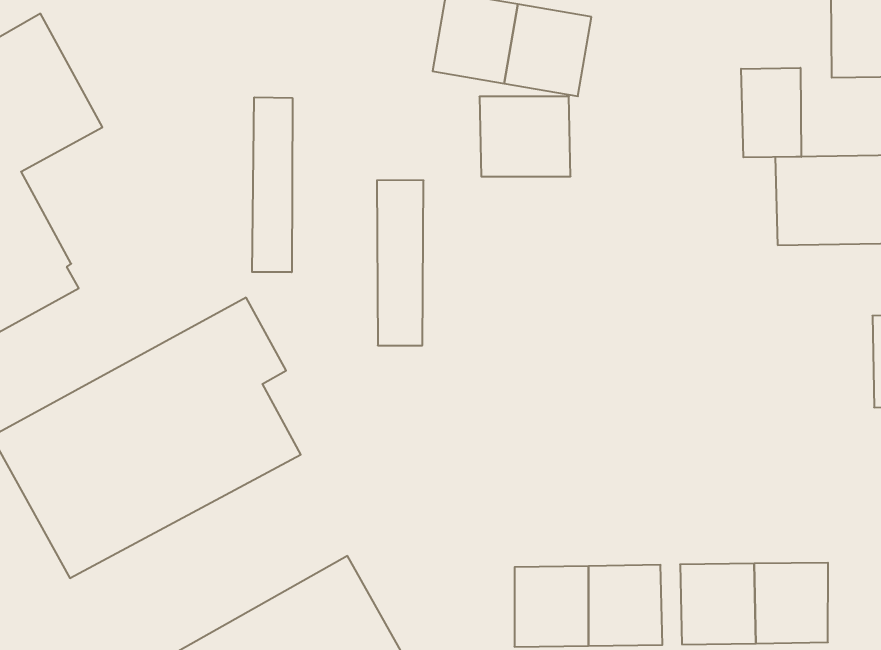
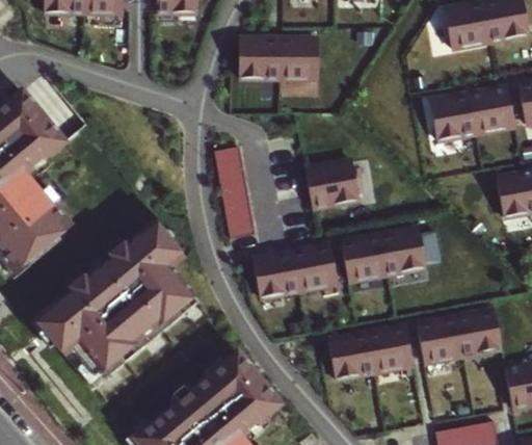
building: [741,68,801,157] -> none
building: [479,96,571,177] -> [303,157,360,208]
building: [252,97,292,272] -> none
building: none -> [340,227,427,284]
building: none -> [251,243,338,300]

